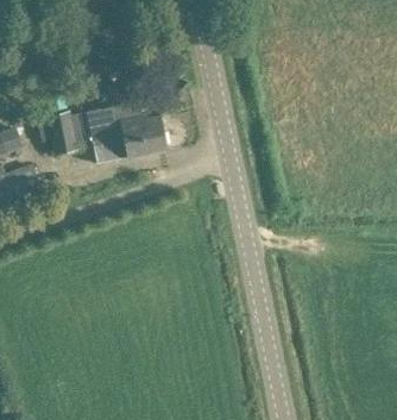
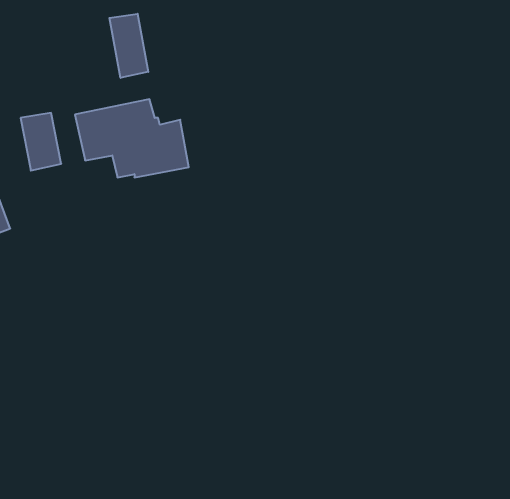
building: none -> [109,14,148,78]

